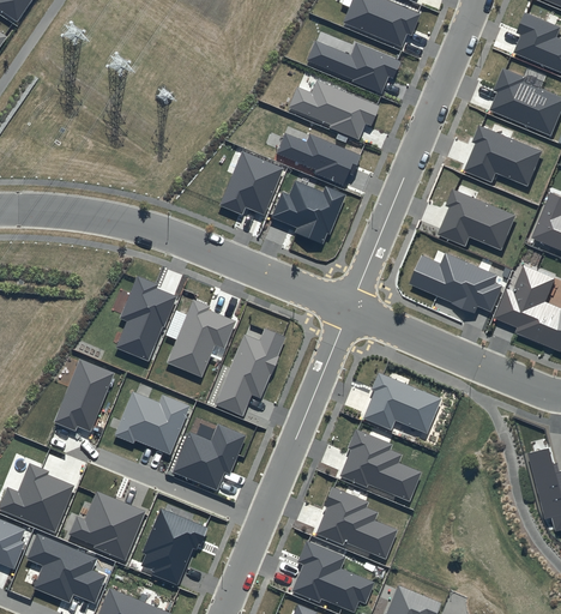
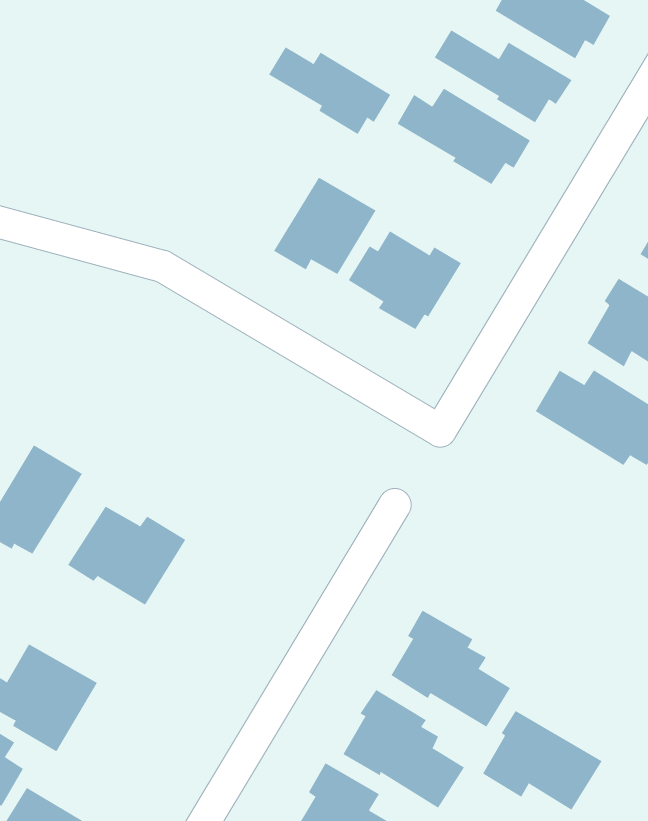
building: [277,133,361,185] -> [268,46,391,135]
building: [116,276,177,361] -> none
building: [167,299,236,378] -> none
building: [216,329,286,416] -> none
building: [363,373,442,434] -> [482,710,603,810]
building: [171,425,246,490] -> none
building: [141,508,209,585] -> none

